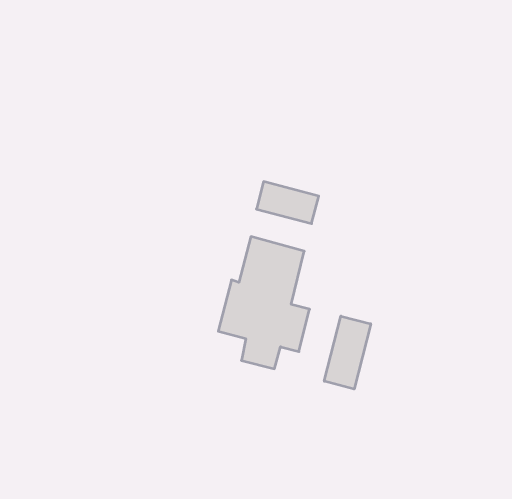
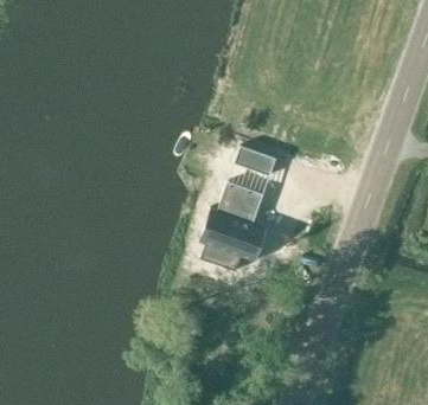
building: [324,316,371,389] -> none

